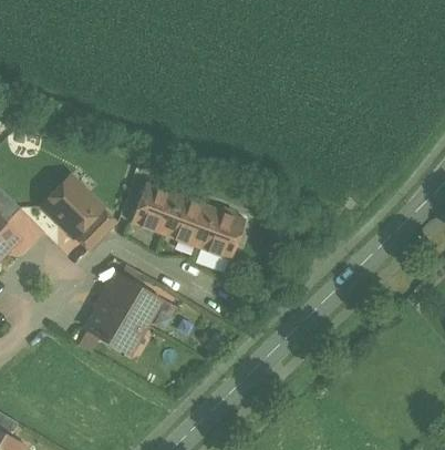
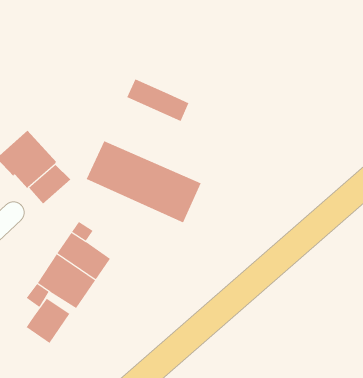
building: none -> [127,78,189,122]
building: none -> [26,298,70,344]

